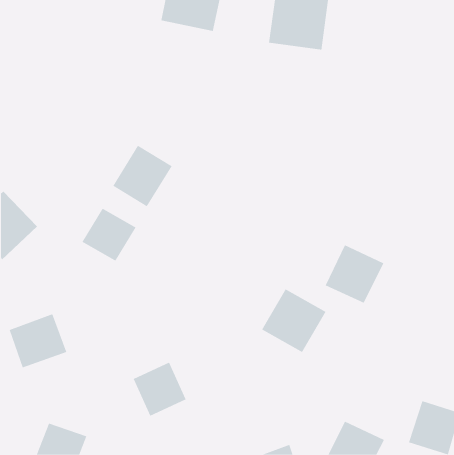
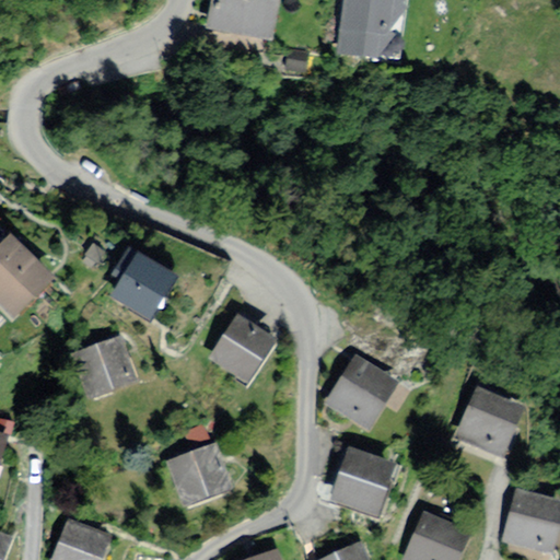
building: [112,145,172,207] -> none
building: [325,244,384,304] -> [454,386,526,458]
building: none -> [208,313,276,382]
building: [9,314,67,368] -> [69,332,140,399]
building: none -> [325,447,395,521]

